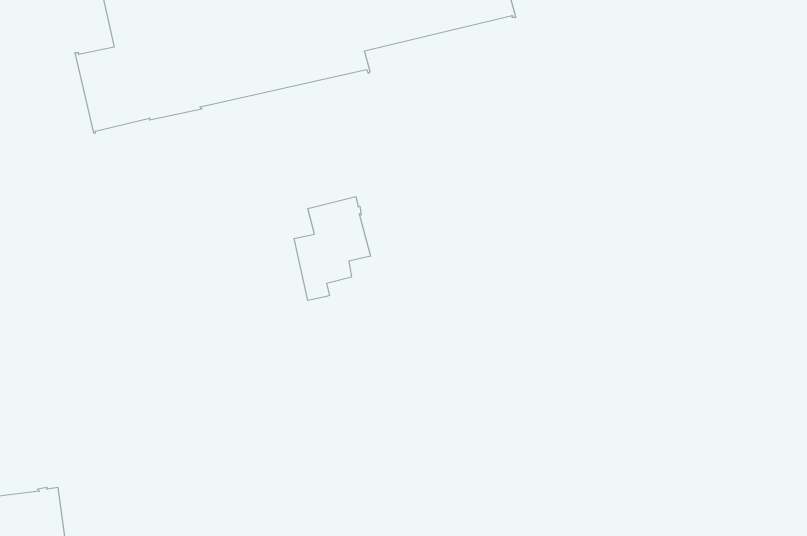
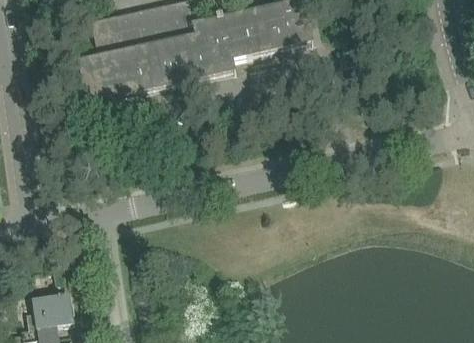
building: [294,197,370,300] -> none

